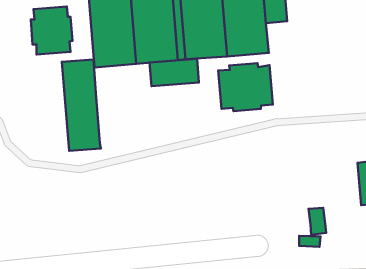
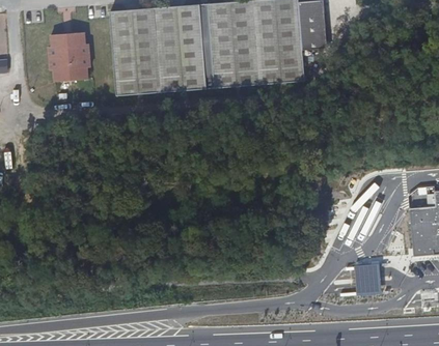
building: [150,59,199,86] -> none
building: [62,60,101,151] -> none
building: [218,63,273,111] -> none

